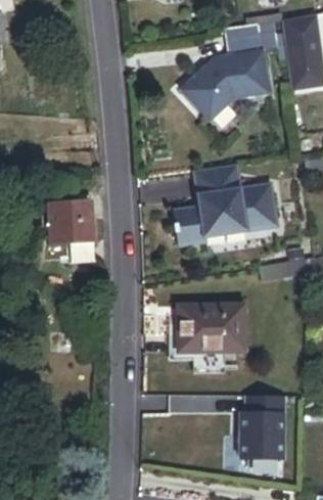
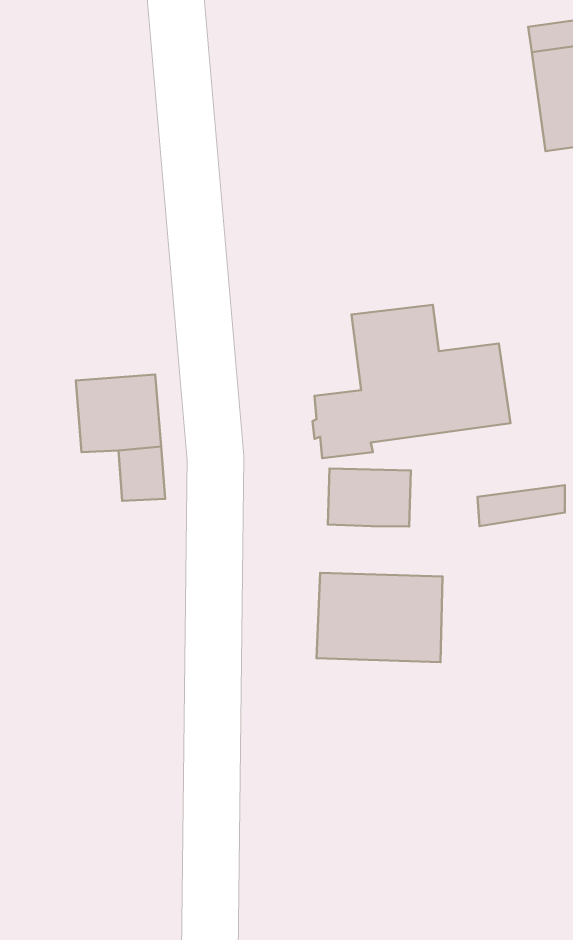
building: [181,22,276,119] -> none
building: none -> [328,468,411,527]
building: [238,395,282,457] -> none

